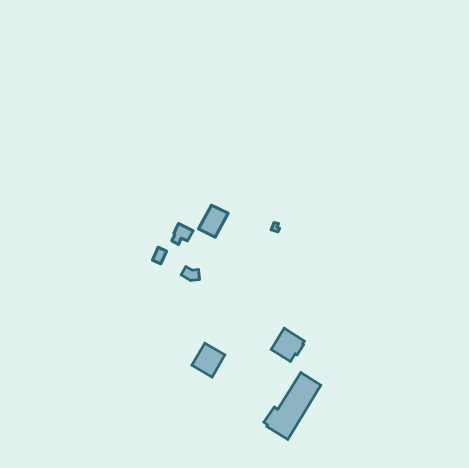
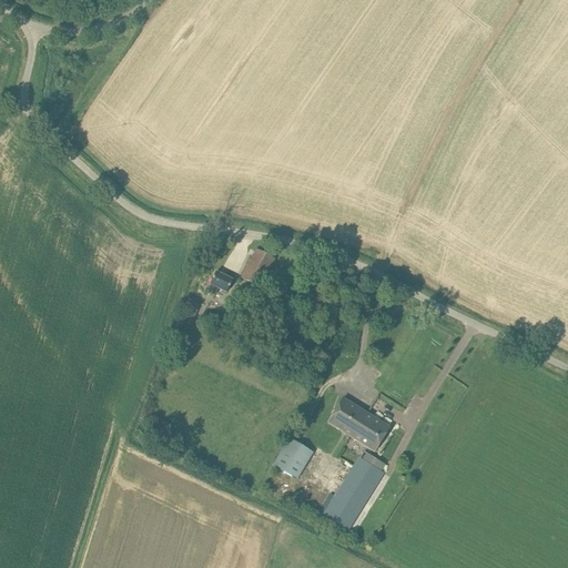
building: none -> [352,412,390,450]
building: [192,343,225,377] -> [275,437,315,478]

